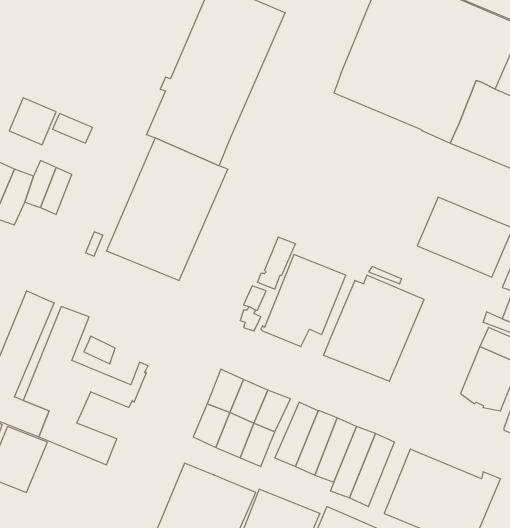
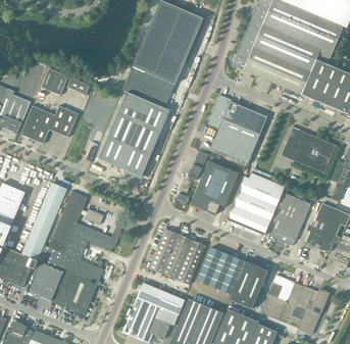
building: none -> [208,95,267,163]
building: none -> [267,192,310,245]
building: none -> [52,272,97,314]

